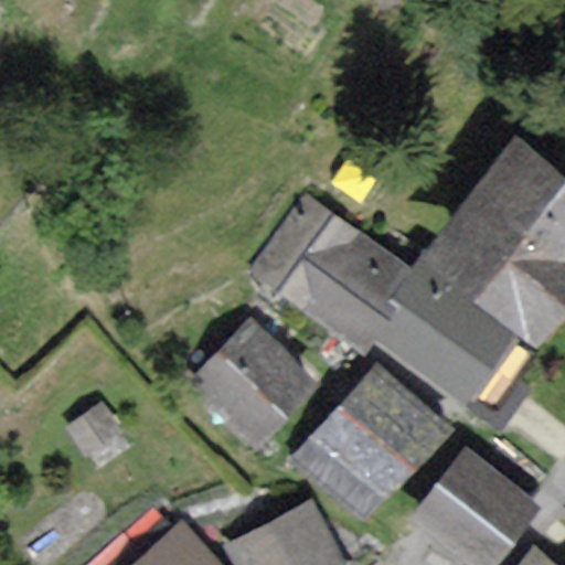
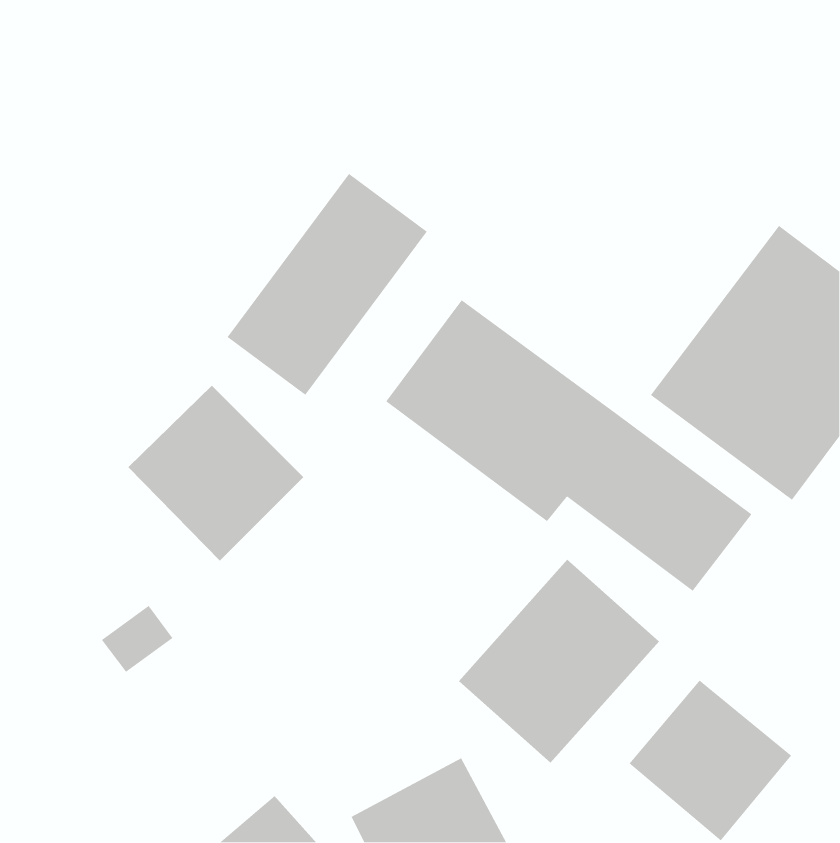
building: none -> [227,173,428,396]
building: [193,326,311,444] -> [127,385,304,562]

